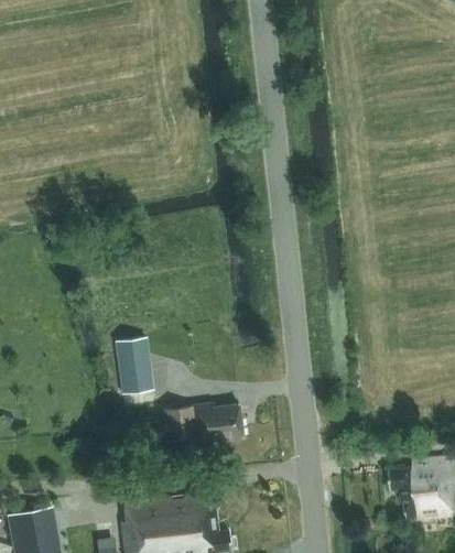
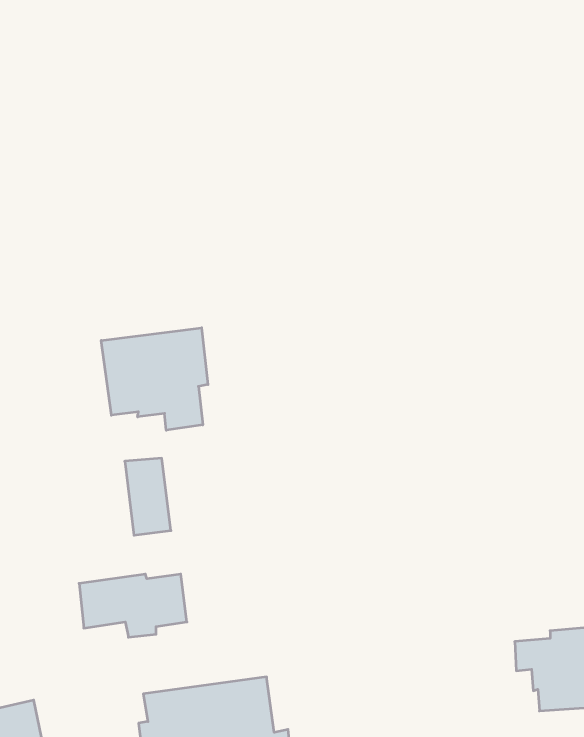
building: none -> [101,328,208,430]
building: [164,403,241,448] -> [79,574,187,637]

